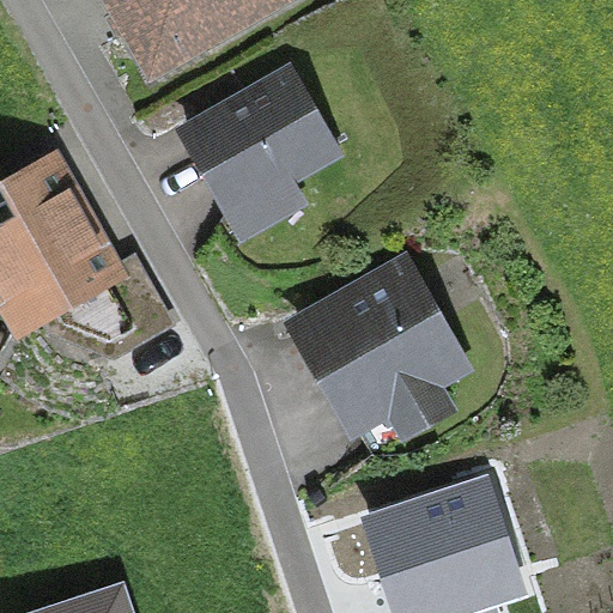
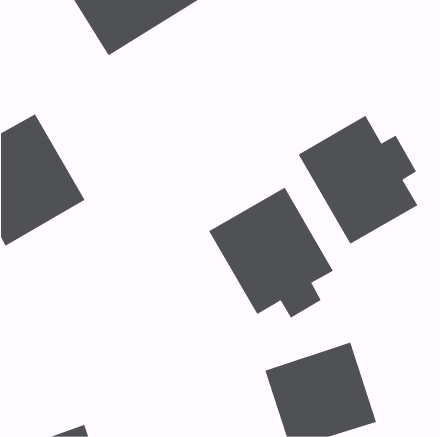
building: [176,61,341,241] -> none
building: none -> [298,115,418,245]

